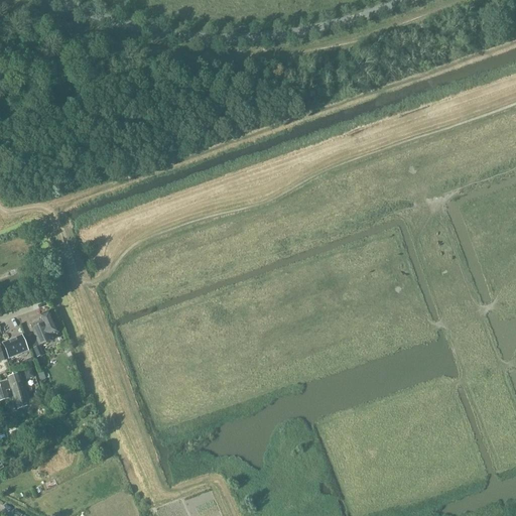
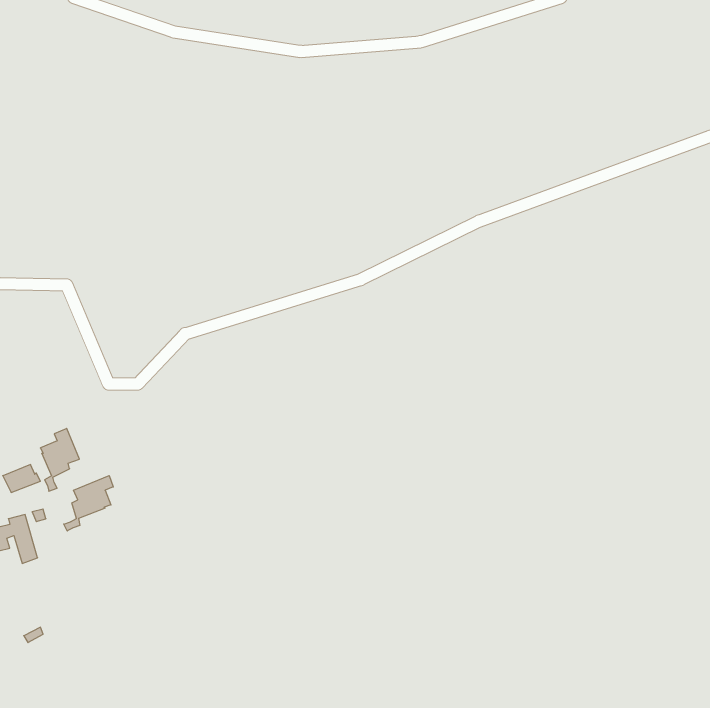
building: none -> [64,476,113,531]

